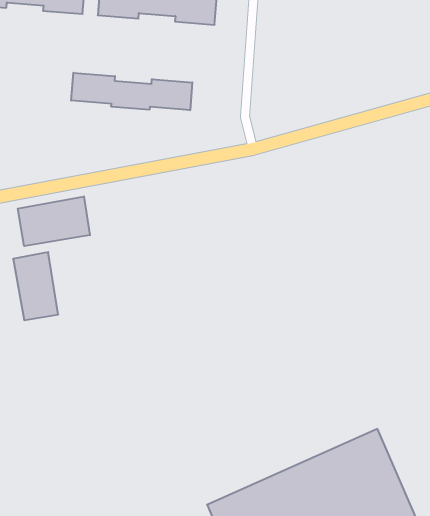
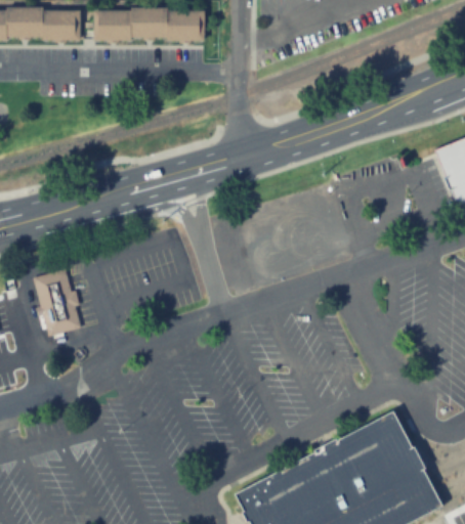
building: [71,73,192,110] -> none
building: [18,196,90,246] -> none

